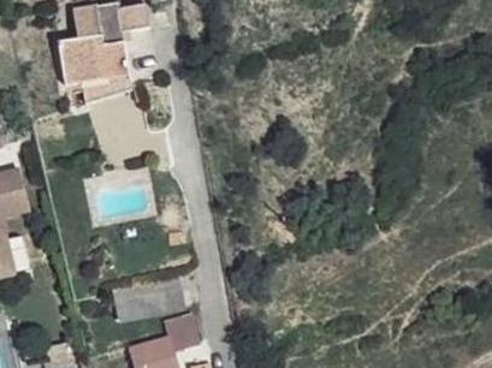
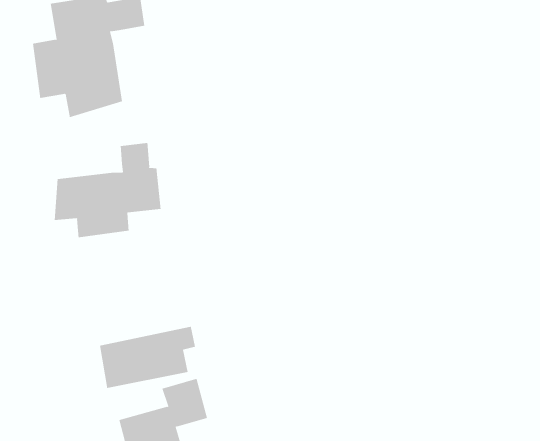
building: none -> [54,142,161,238]

